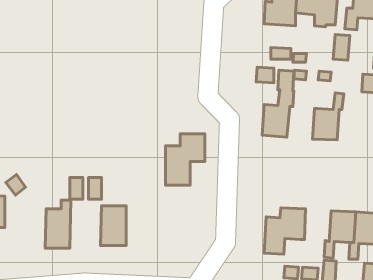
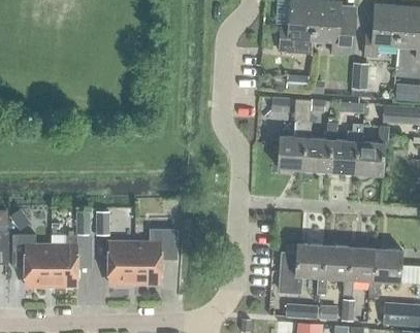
building: none -> [303,123,337,172]
building: none -> [356,126,389,175]
building: [165,134,205,185] -> [135,230,176,284]
building: none -> [12,235,52,287]
building: none -> [317,245,350,295]

